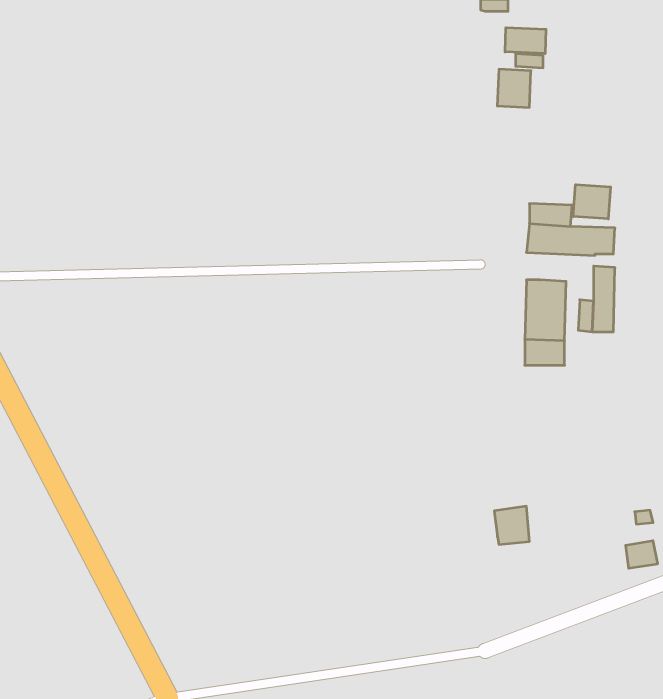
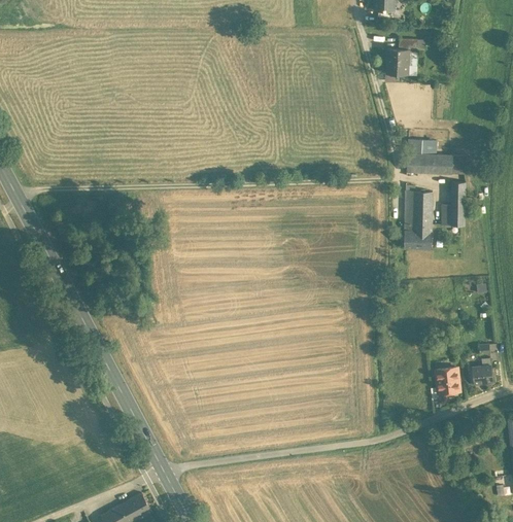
building: [505,28,546,54] -> none
building: [573,185,611,219] -> none
building: [494,506,529,544] -> [436,367,459,392]

